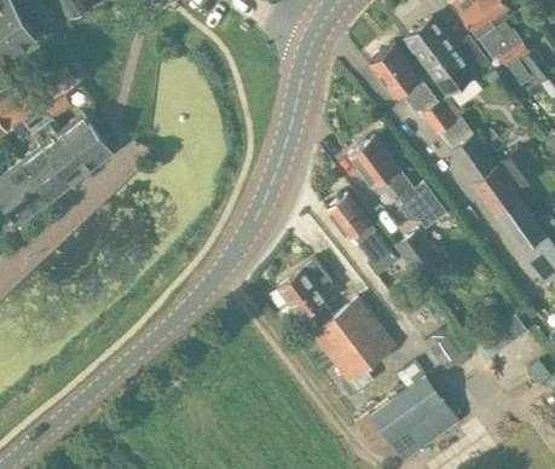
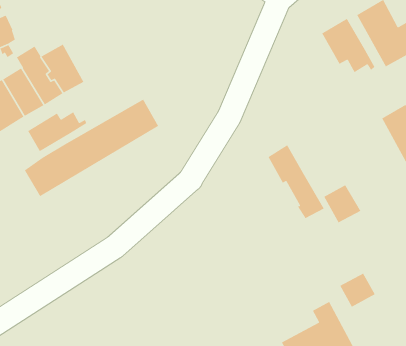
building: [422,98,461,135] -> none
building: [348,138,446,230] -> none
building: none -> [24,98,159,197]
building: none -> [27,111,87,152]
building: [277,260,395,384] -> none

